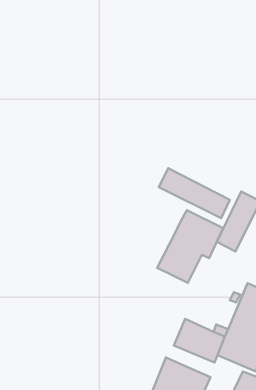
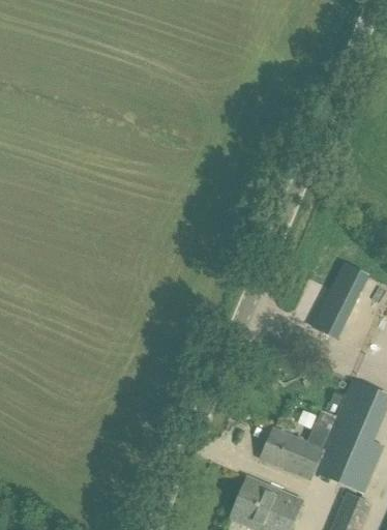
building: [159,168,230,218] -> none
building: [157,210,223,283] -> none

